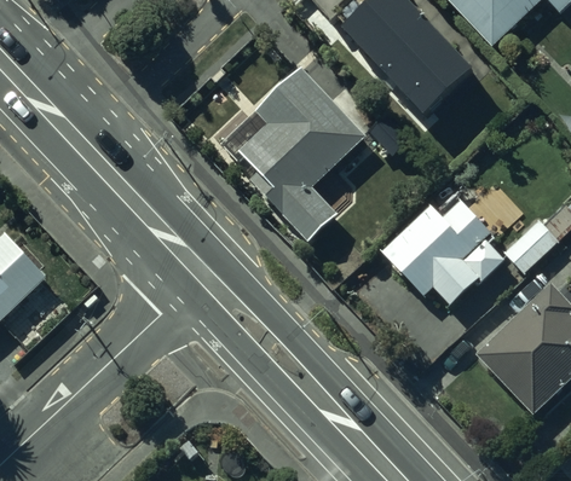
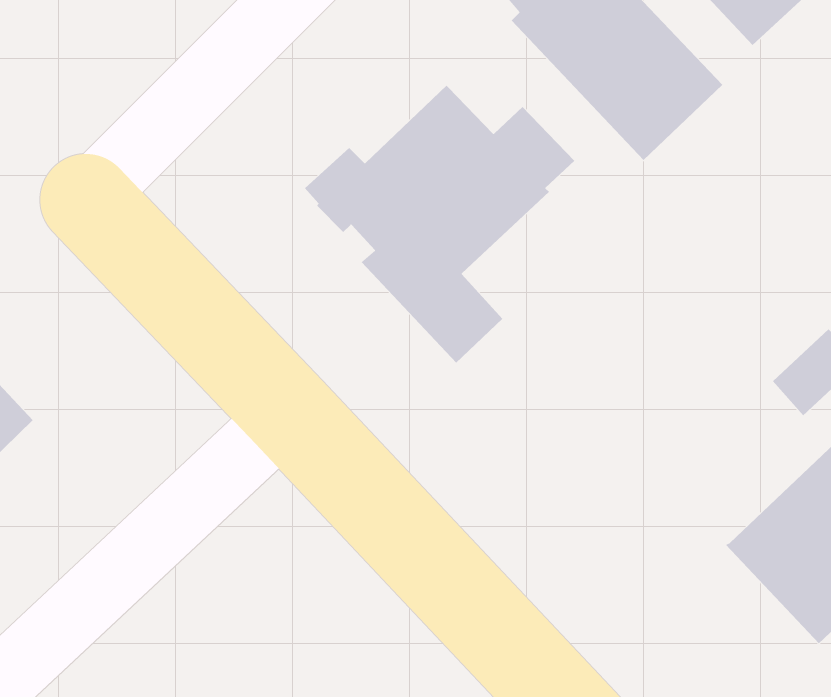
building: [381,201,506,305] -> none

